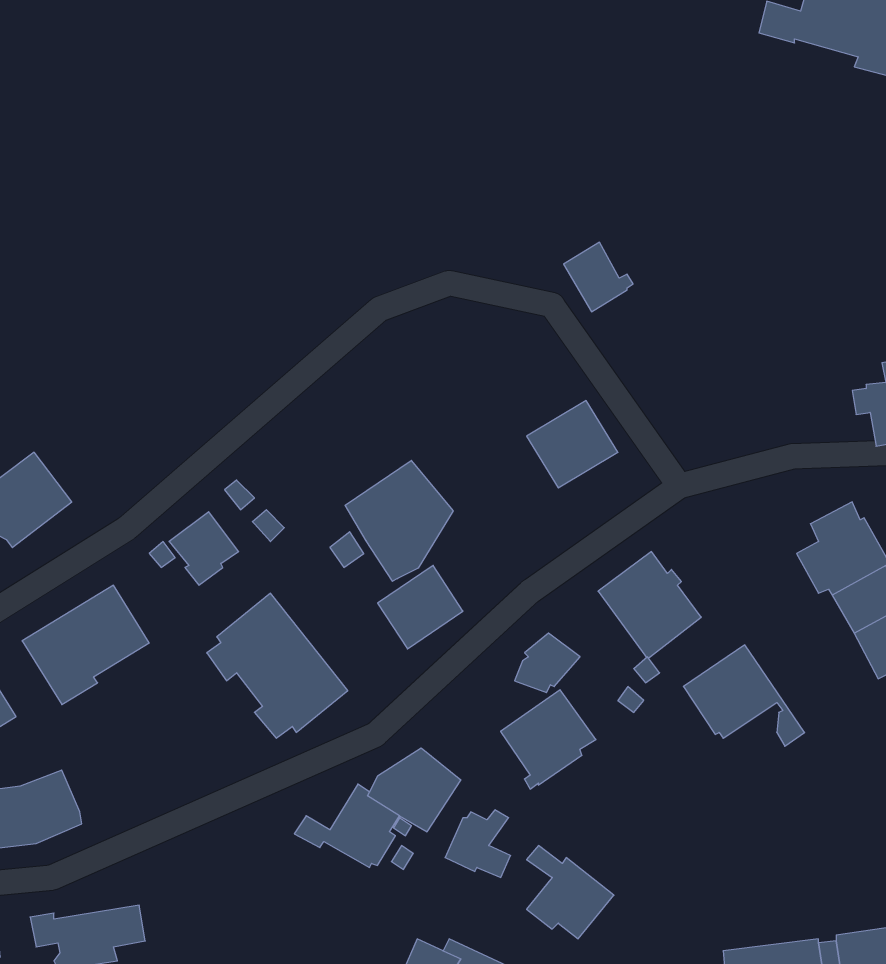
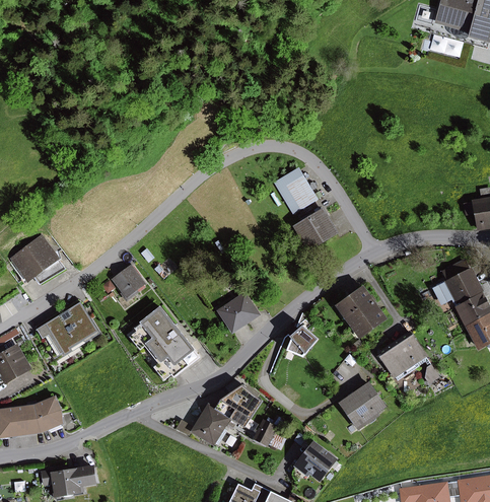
building: [564,242,633,312] -> [287,174,323,210]
building: [345,460,453,581] -> none
building: [501,690,596,789] -> [335,381,383,432]

